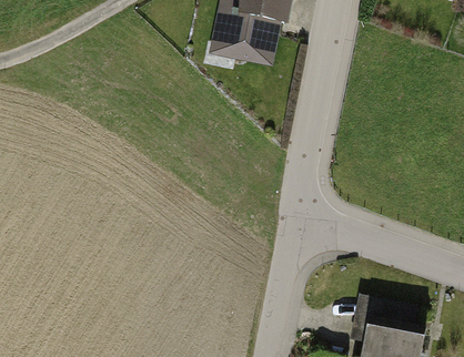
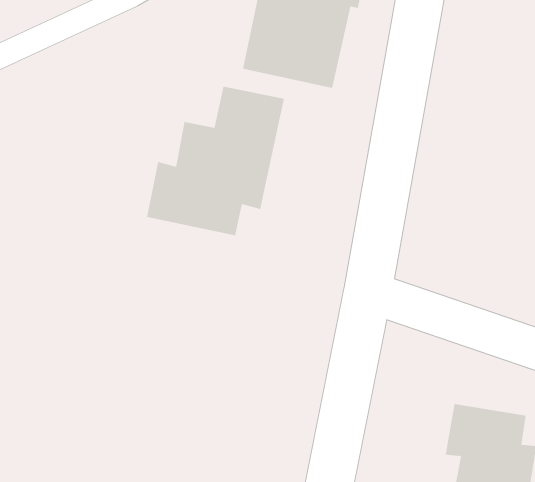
building: none -> [147,86,285,236]

